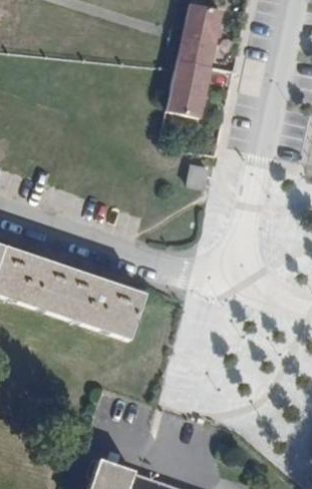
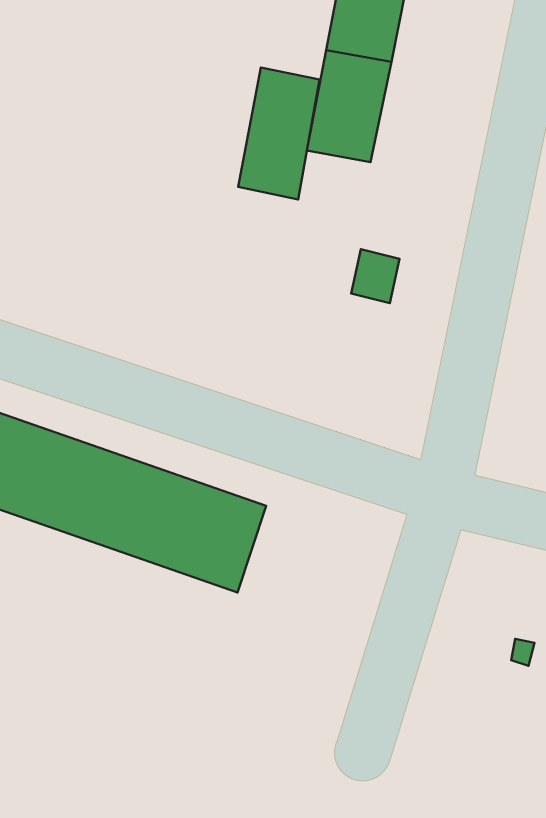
building: none -> [238,68,319,200]

